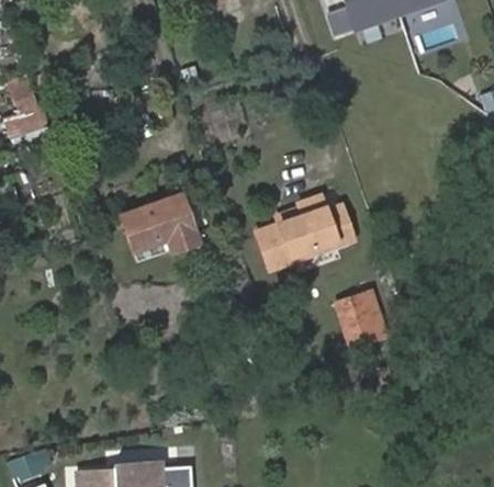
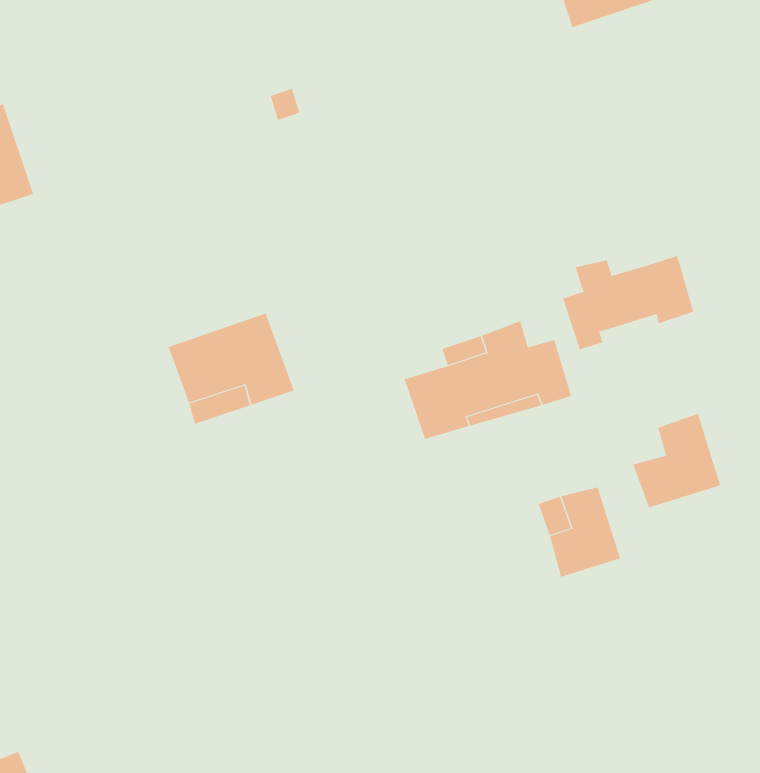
building: none -> [563,255,694,350]
building: none -> [633,413,721,508]

